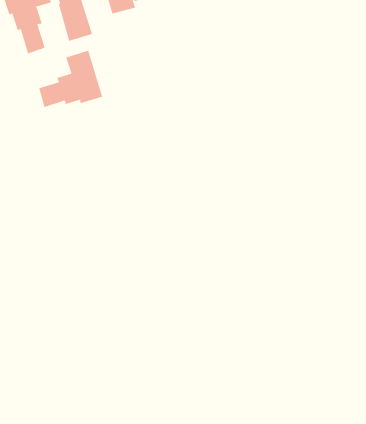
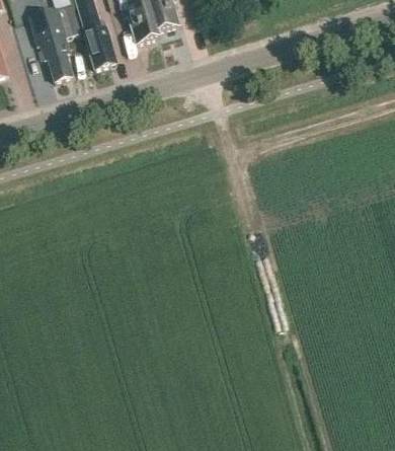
building: [39,50,103,108] -> none

